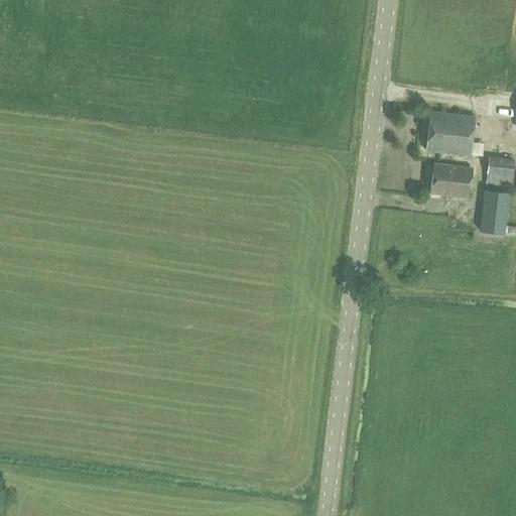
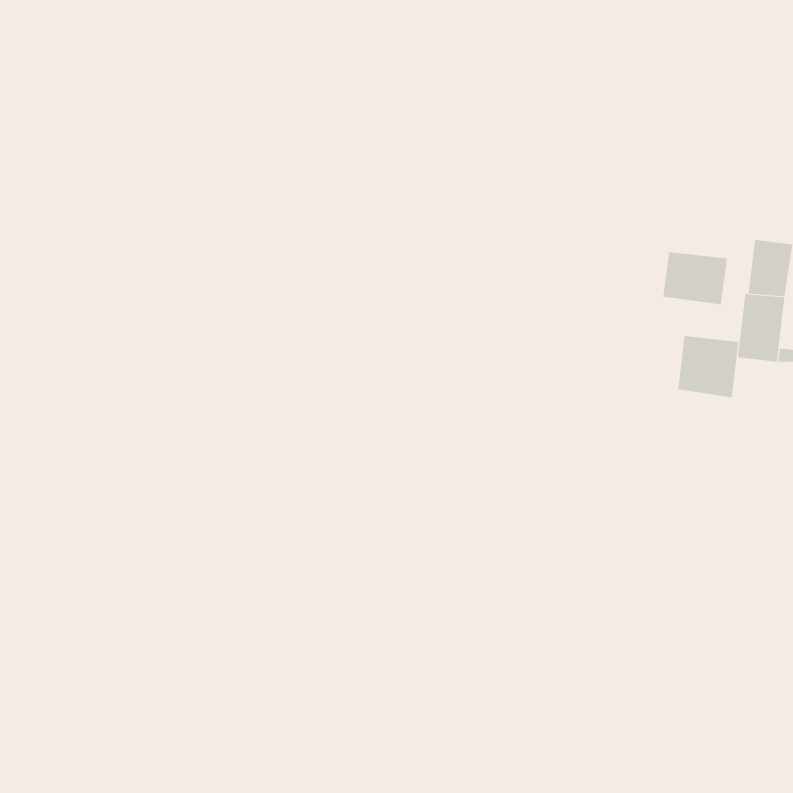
building: [426,112,475,155] -> none
building: none -> [678,335,739,398]

